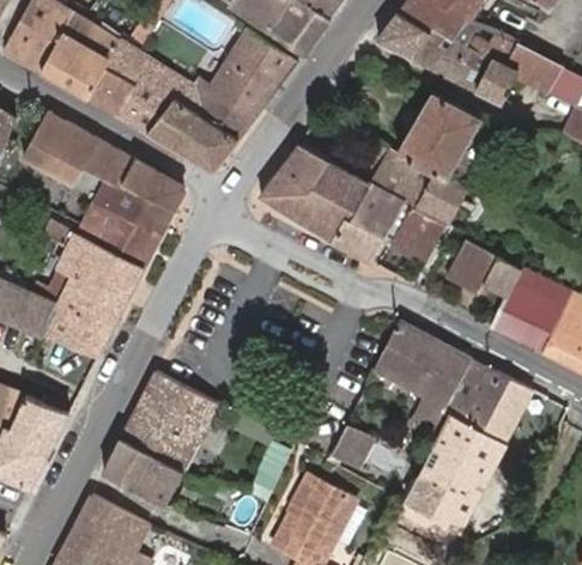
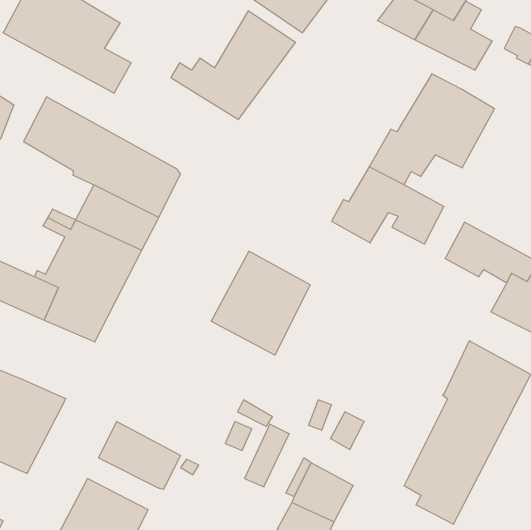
building: [471,29,517,103] -> none
building: [108,42,241,170] -> none
building: [260,140,392,238] -> none
building: [405,172,465,224] -> none
building: [375,320,469,407] -> none
building: [120,367,218,470] -> [211,251,310,355]

